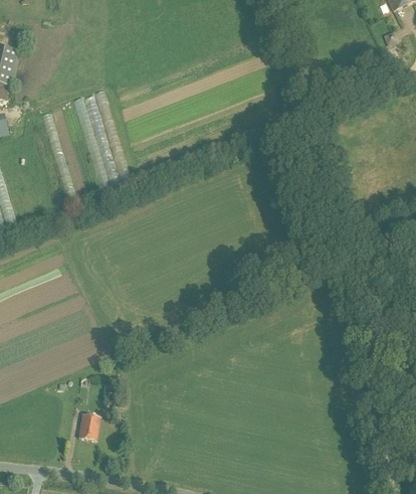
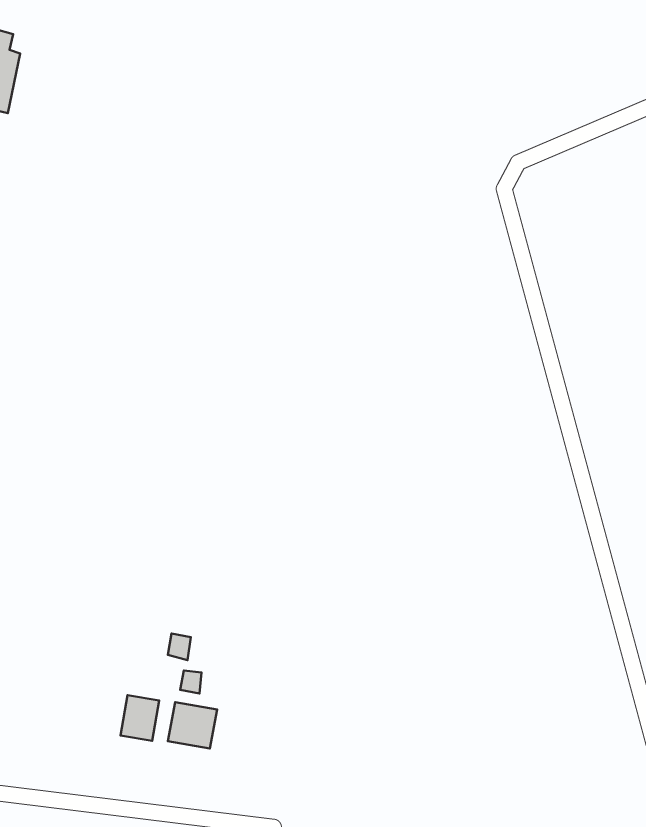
building: none -> [168,702,217,748]

